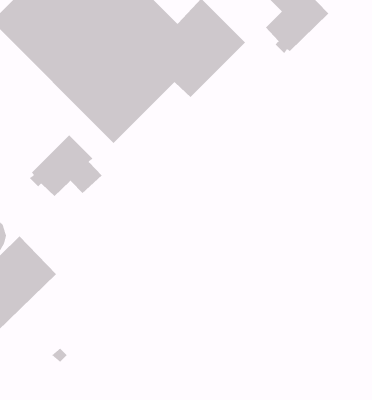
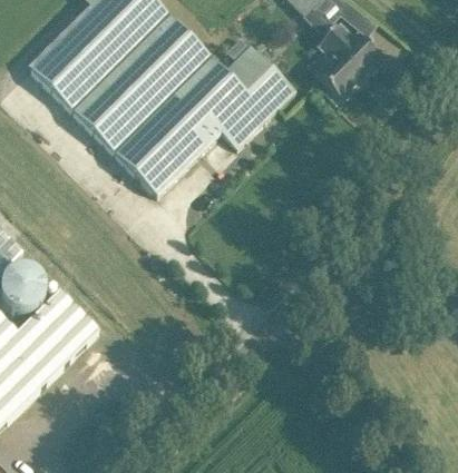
building: [29,135,103,197] -> none

